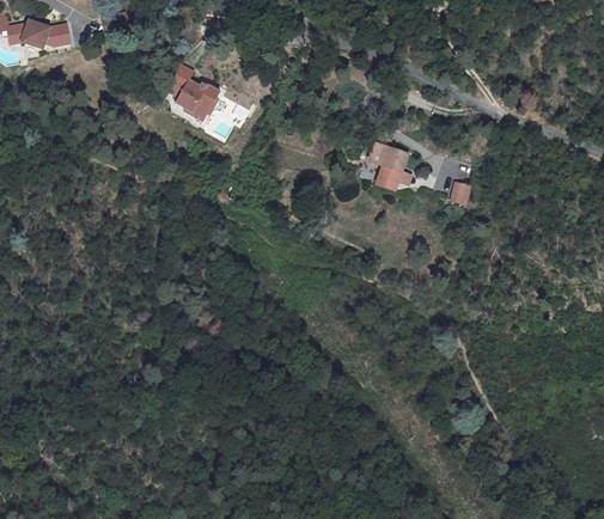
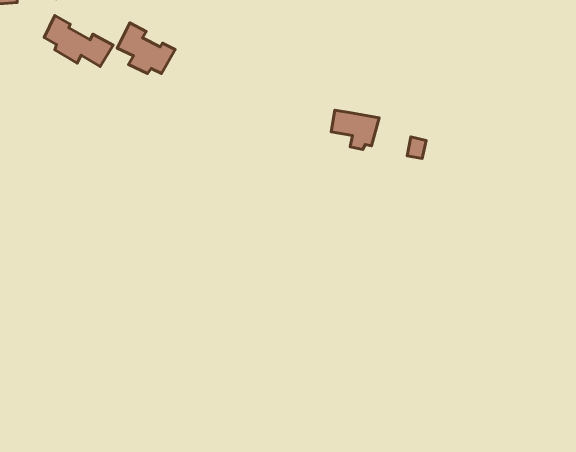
building: none -> [44,15,113,67]

